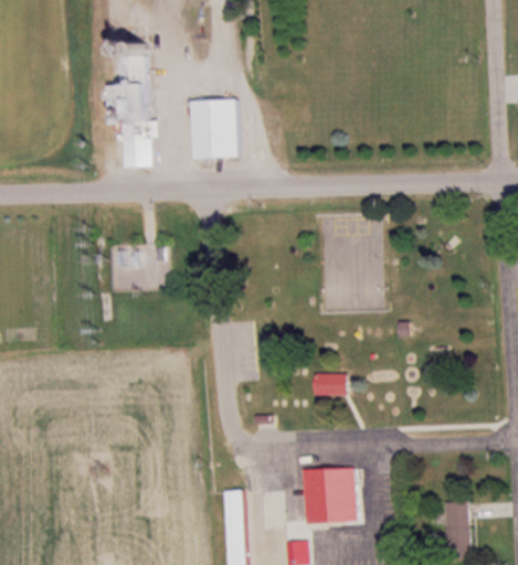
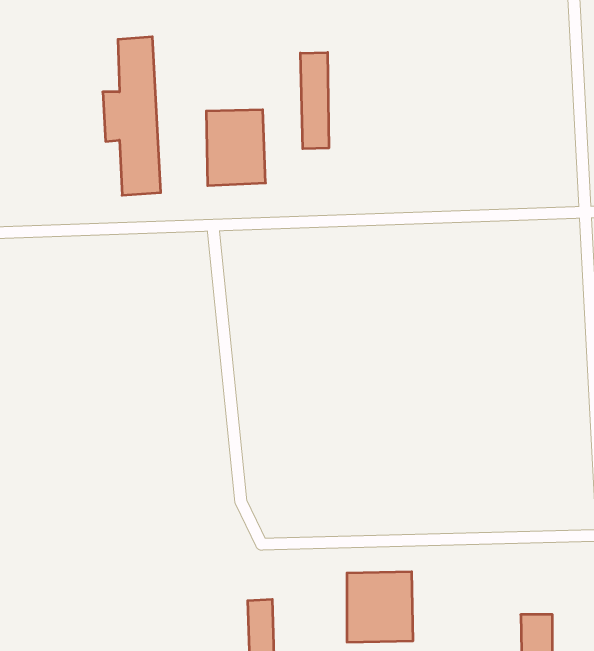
building: none -> [300,52,329,149]
building: [310,373,346,396] -> none

